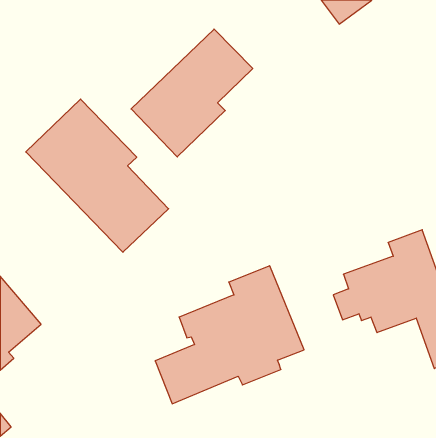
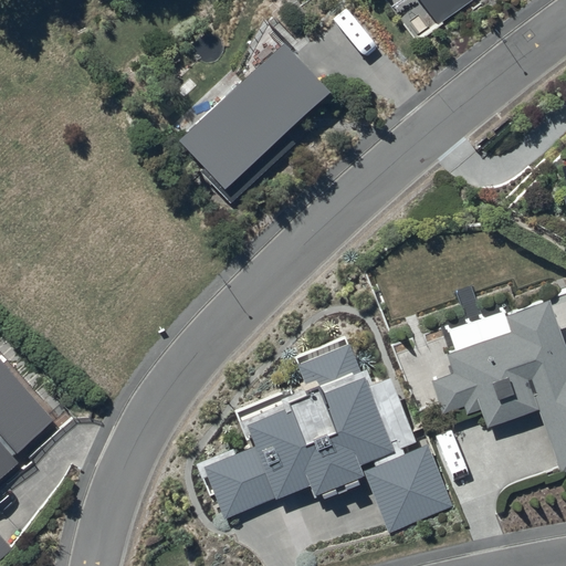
building: [26,99,169,252] -> none
building: none -> [363,444,455,534]

